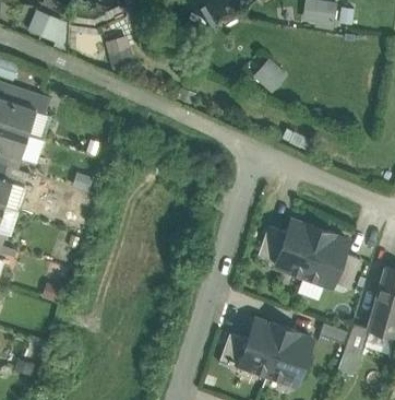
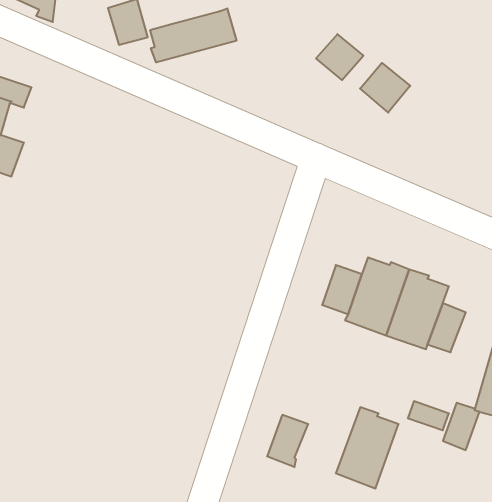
building: none -> [150,8,236,62]
building: none -> [360,63,410,113]
building: [238,319,285,375] -> none

